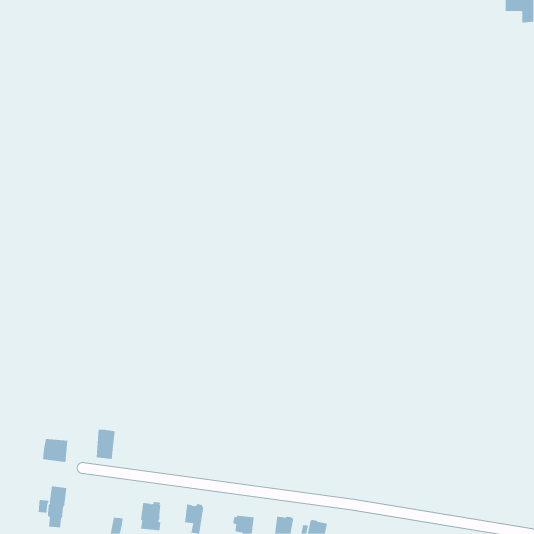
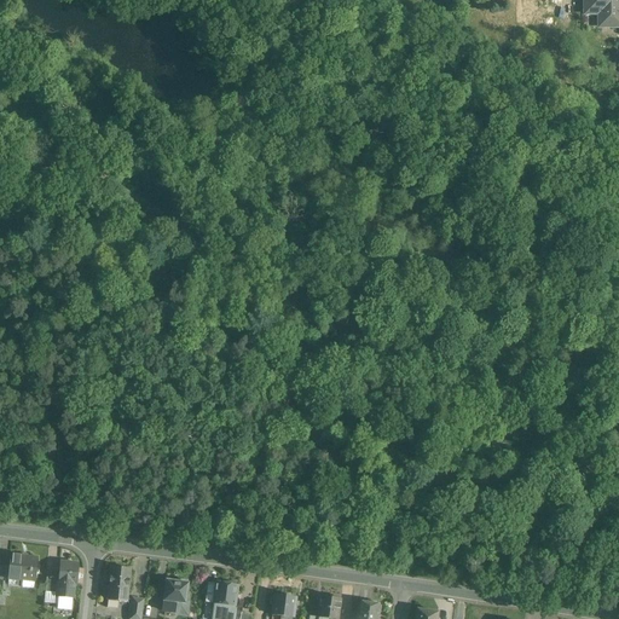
building: [96,429,116,460] -> [106,567,129,602]
building: [42,439,68,463] -> [6,554,36,582]

